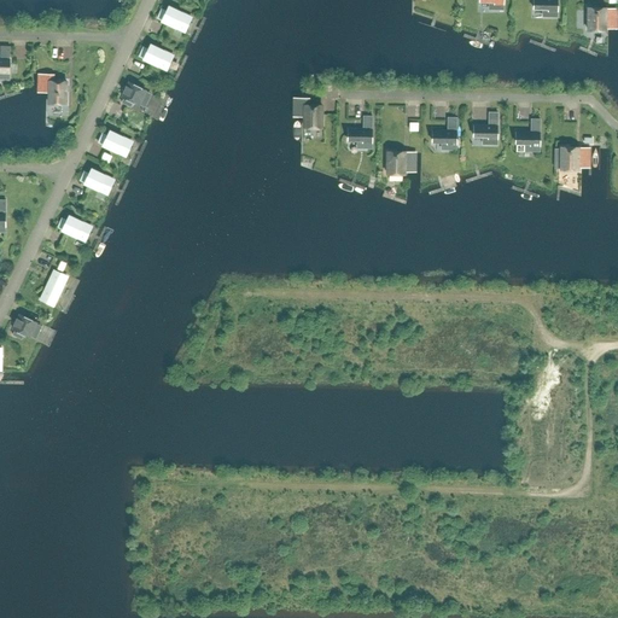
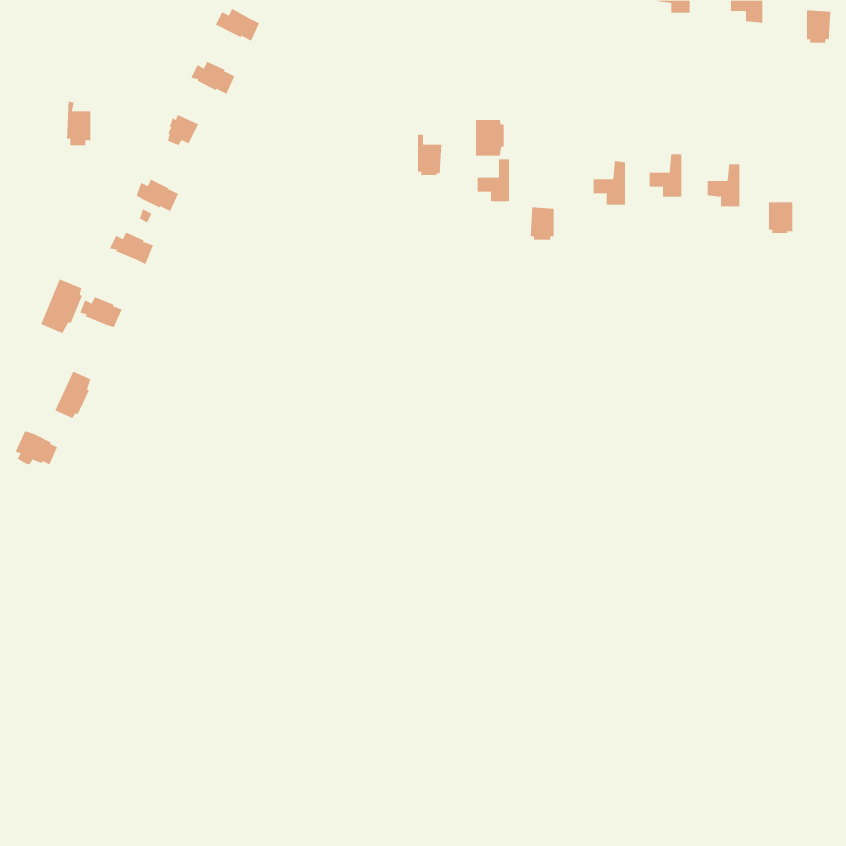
building: none -> [476,119,504,156]
building: none -> [40,279,83,334]

